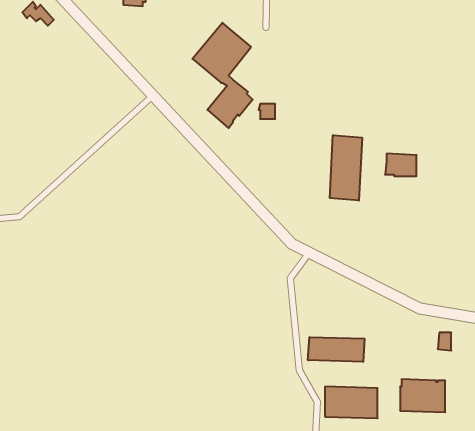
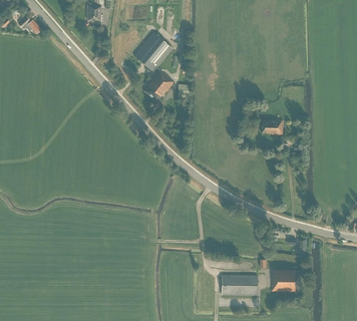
building: [330,135,362,201] -> none
building: [308,337,365,362] -> none

